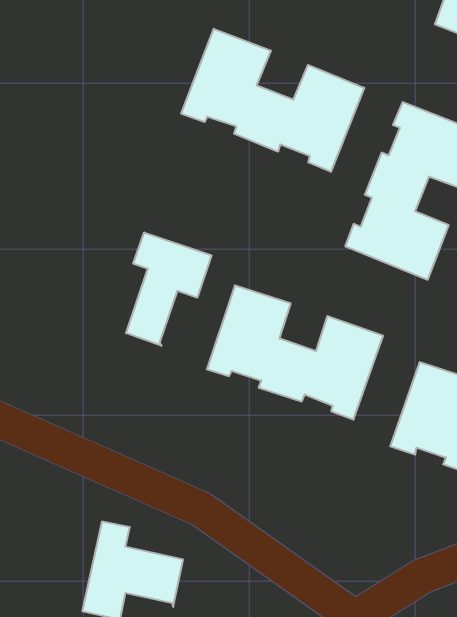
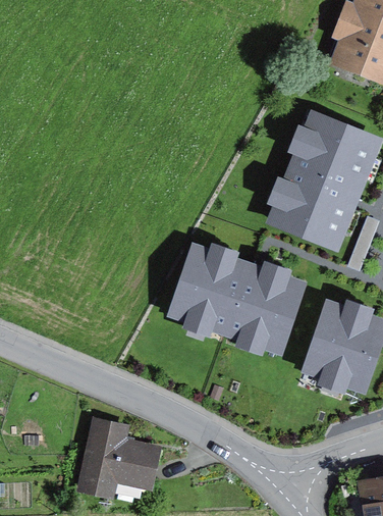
building: [181,29,364,172] -> none
building: [126,232,211,346] -> none

